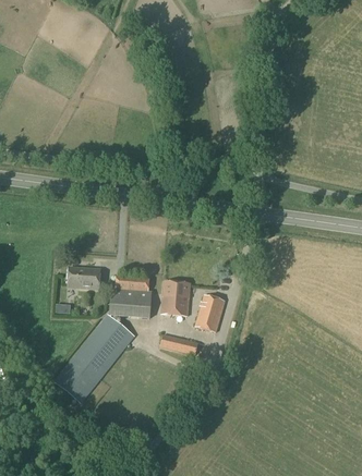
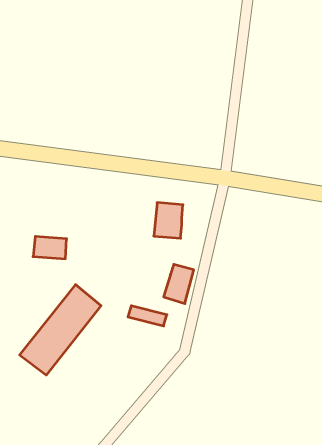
building: [108,274,150,318] -> none
building: [160,281,189,316] -> [154,203,183,238]

